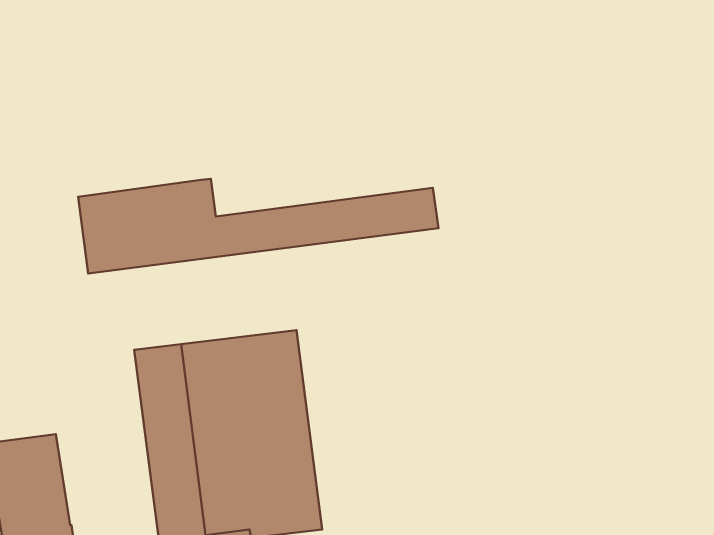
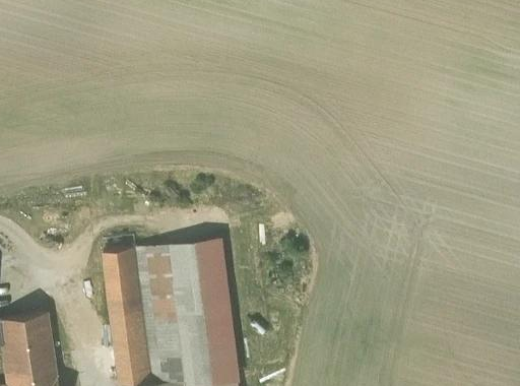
building: [78,179,439,273] -> none

